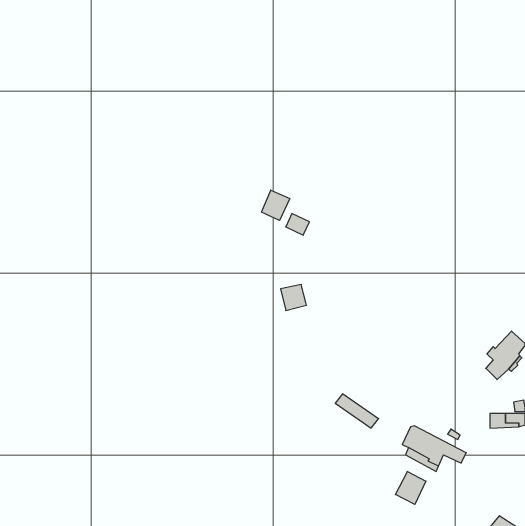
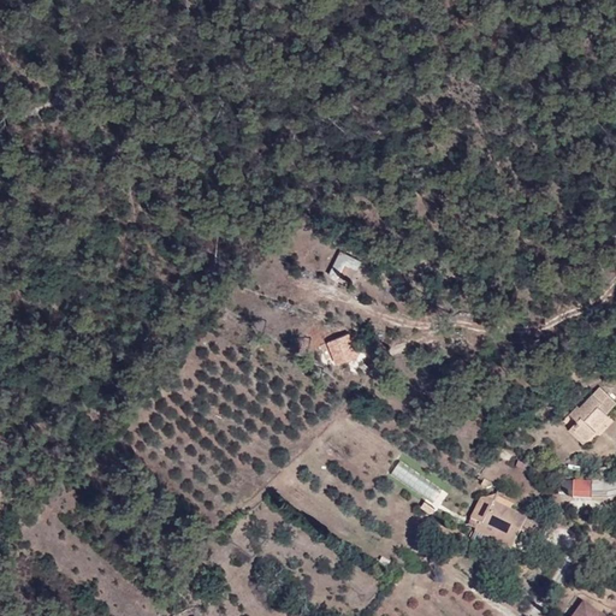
building: [261,190,290,220] -> none
building: [395,471,426,504] -> none

